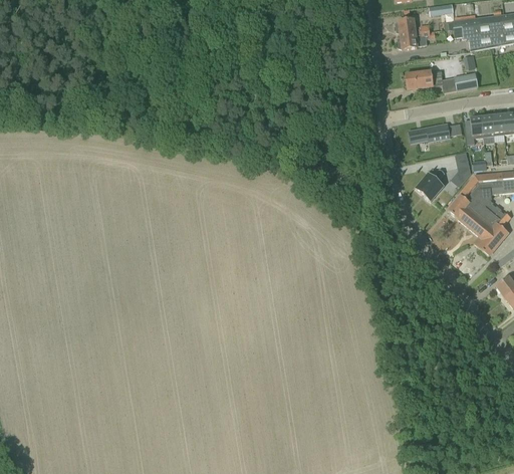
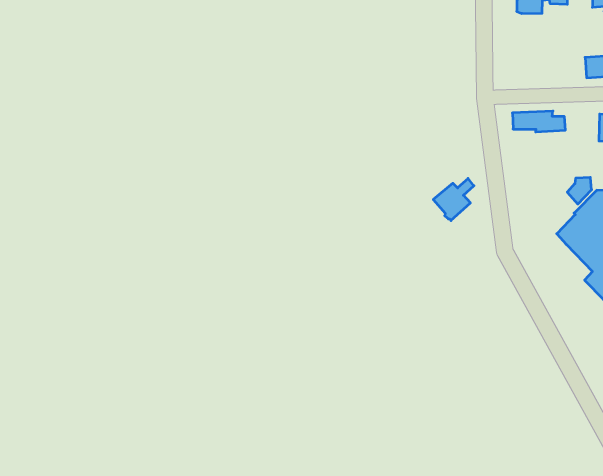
building: [405,70,443,90] -> none
building: [415,169,444,202] -> [433,178,474,221]

